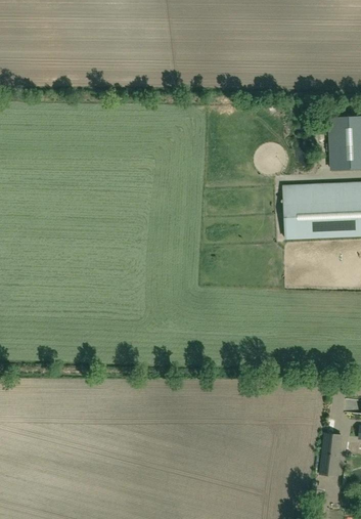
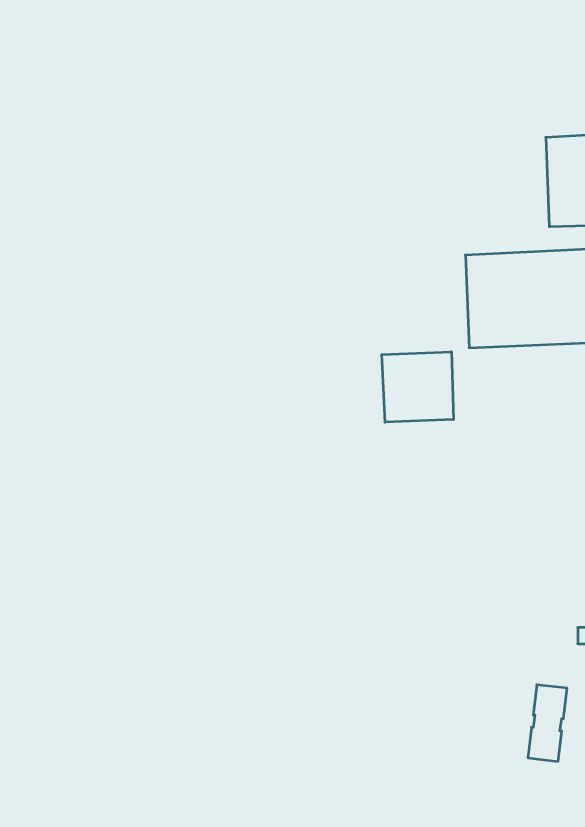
building: none -> [382,352,453,422]

